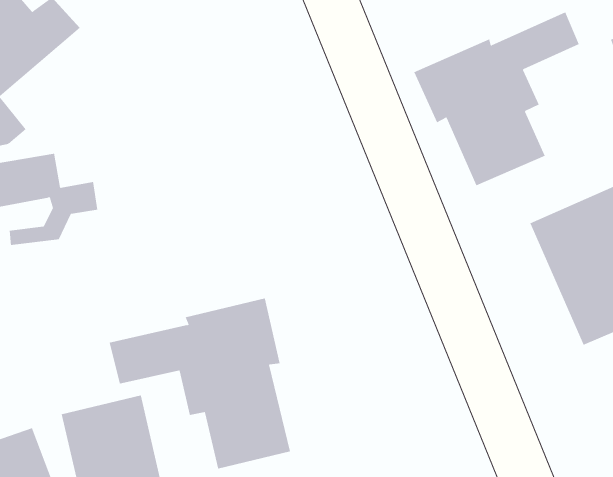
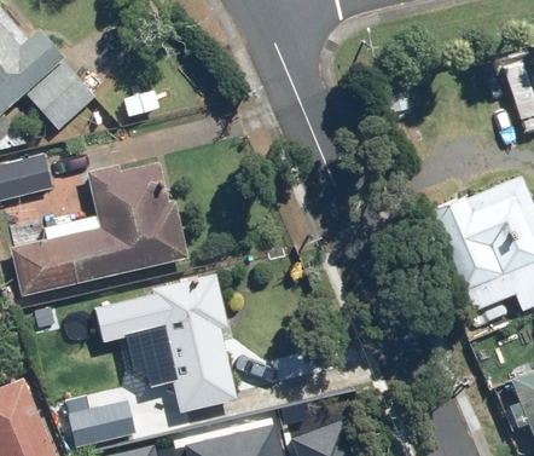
building: [413,11,580,186] -> none
building: none -> [27,67,94,134]
building: none -> [8,162,190,298]

